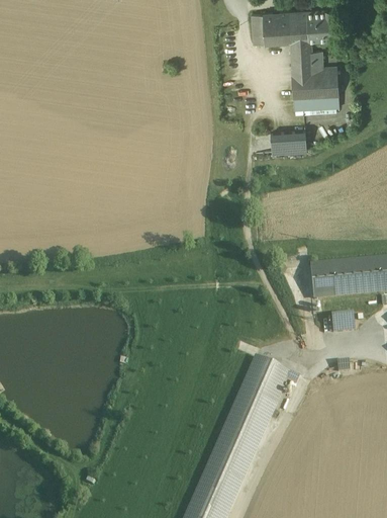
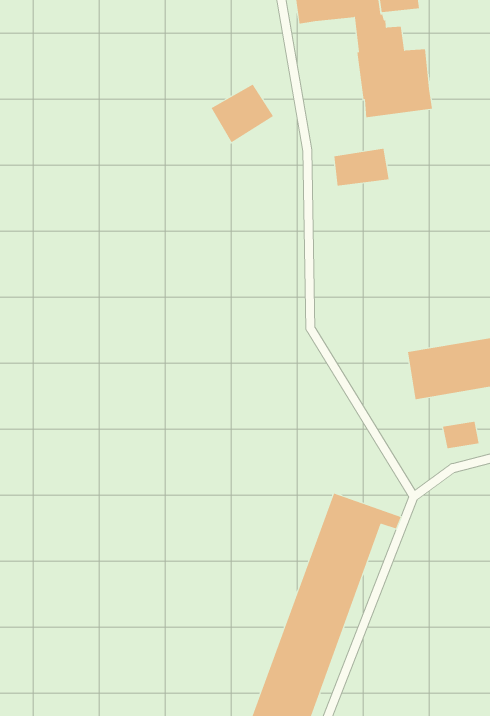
building: none -> [211,84,274,143]

